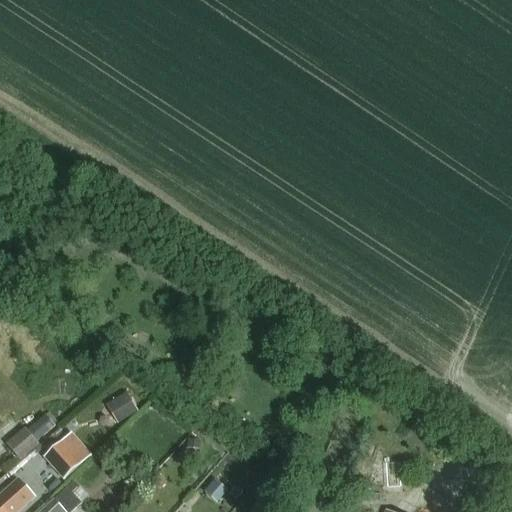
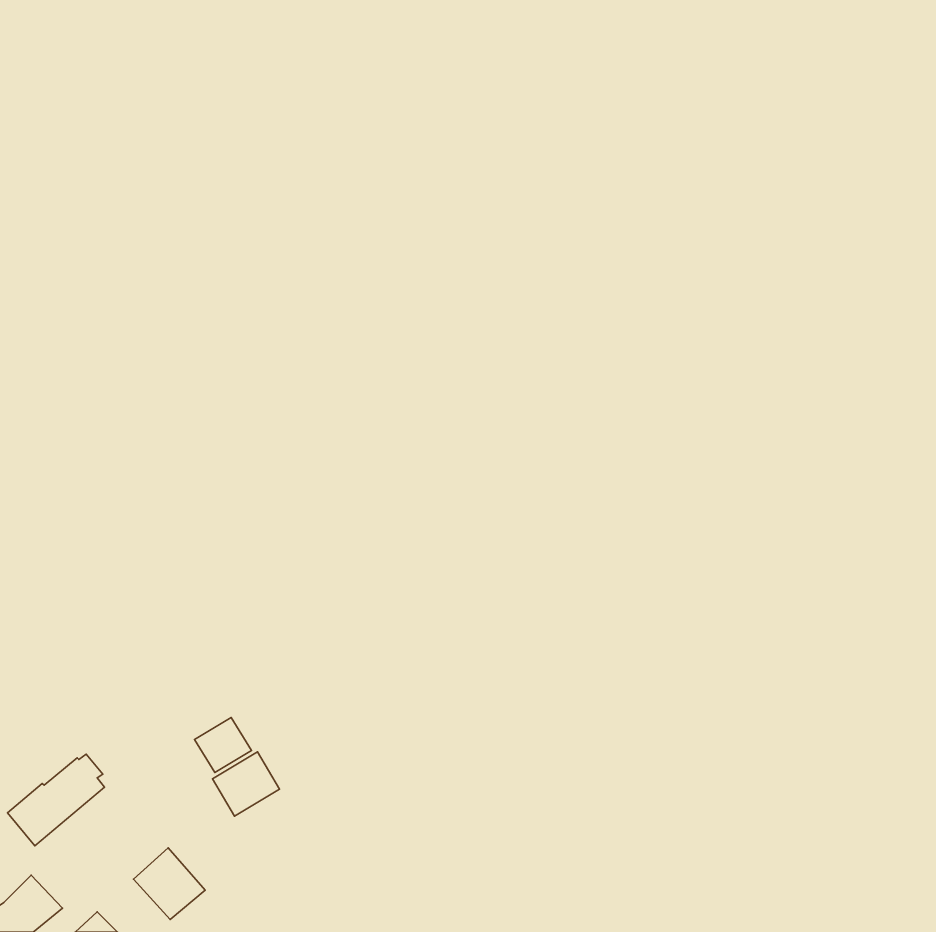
building: none -> [212,752,280,816]
building: [43,439,82,478] -> [133,848,205,919]

